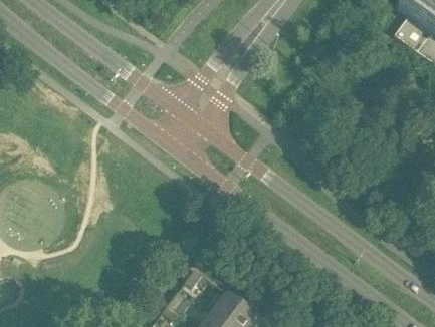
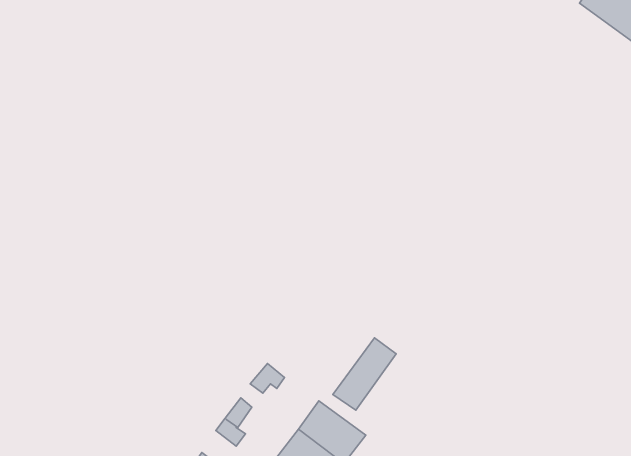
building: none -> [333,338,396,410]

